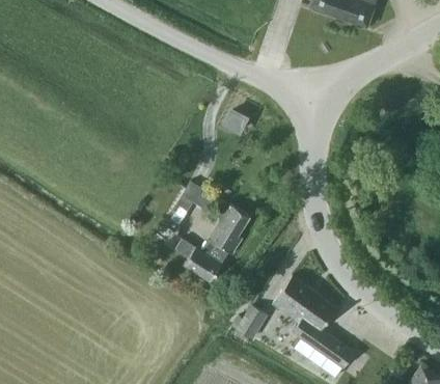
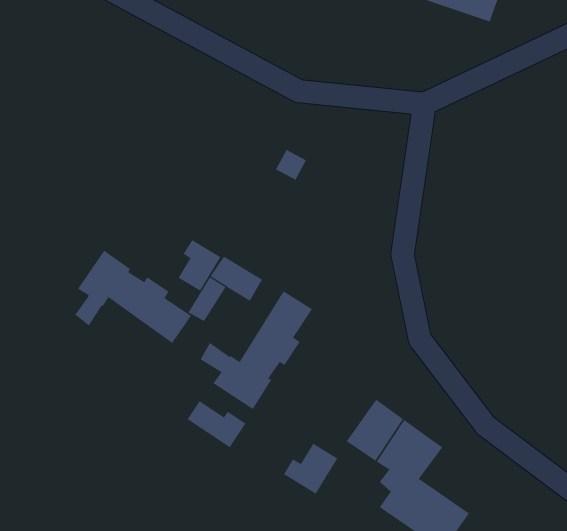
building: none -> [178,239,221,291]
building: none -> [74,250,192,344]
building: none -> [187,400,246,448]

